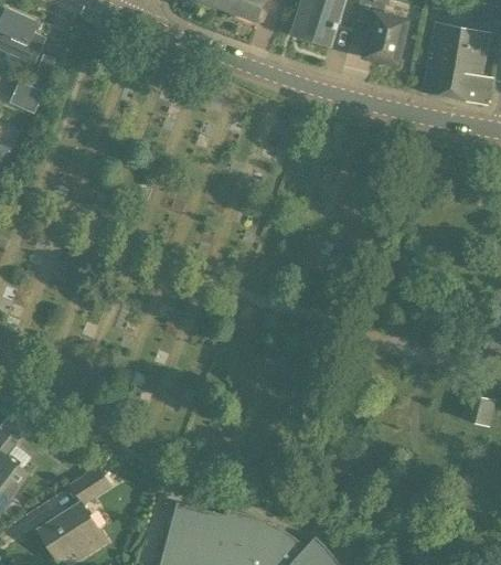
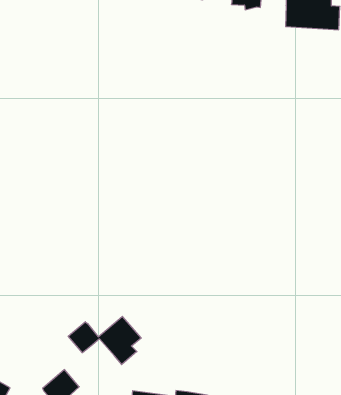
building: none -> [68,316,141,365]

